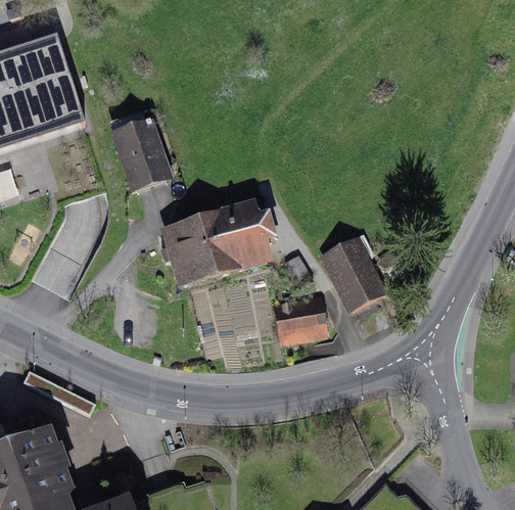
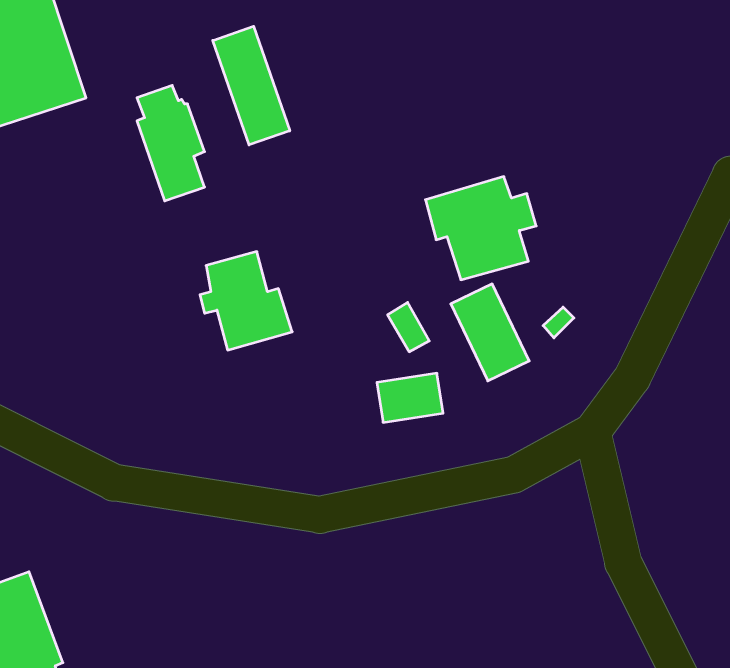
building: none -> [213,26,290,145]
building: [197,203,271,272] -> [425,177,536,280]

